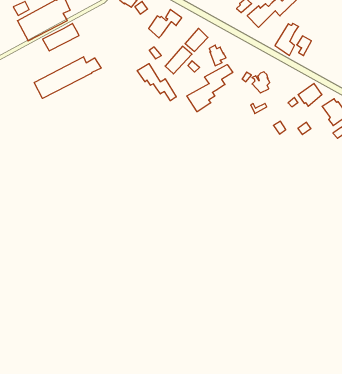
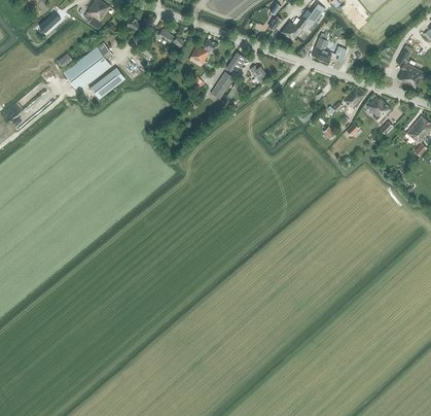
building: [34,57,101,98] -> none
building: [137,64,176,101] -> none
building: [187,65,233,112] -> none

